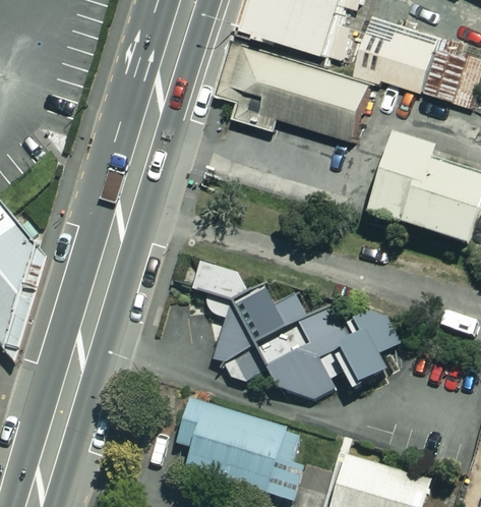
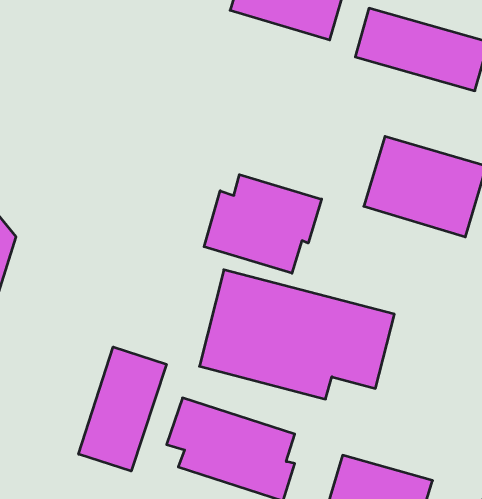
building: [212,42,368,139] -> none
building: none -> [204,175,322,273]
building: none -> [79,347,166,471]

